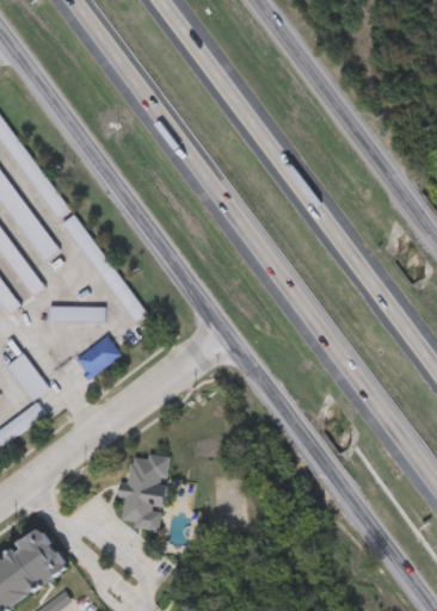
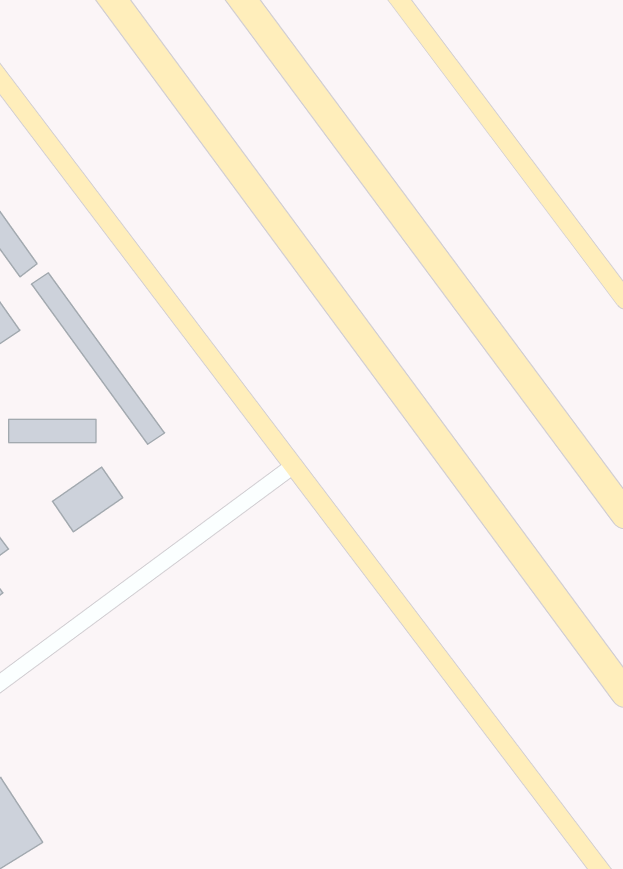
building: [122,453,171,531] -> none

